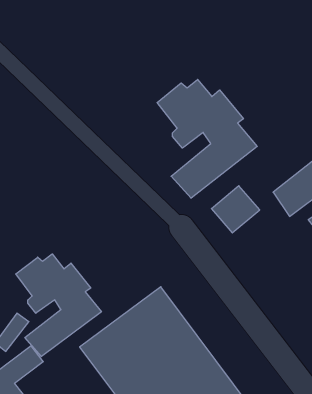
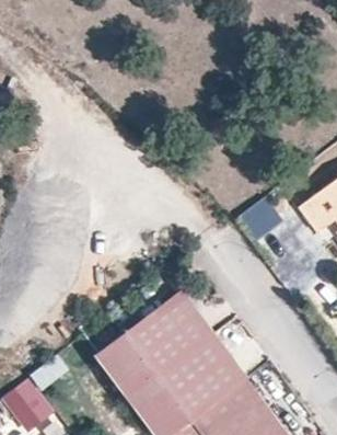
building: [157,79,257,198] -> none
building: [16,254,101,357] -> none

